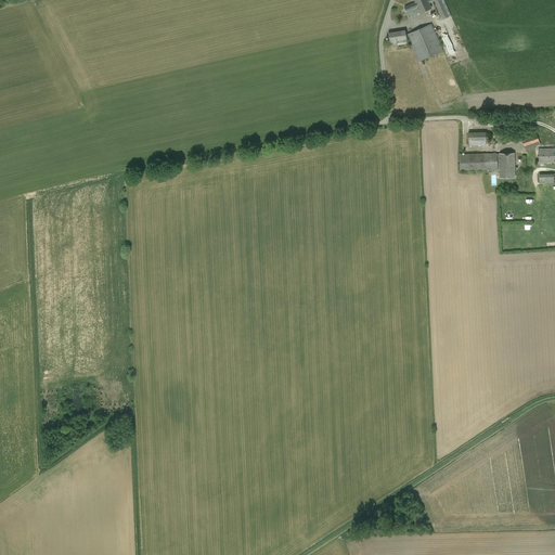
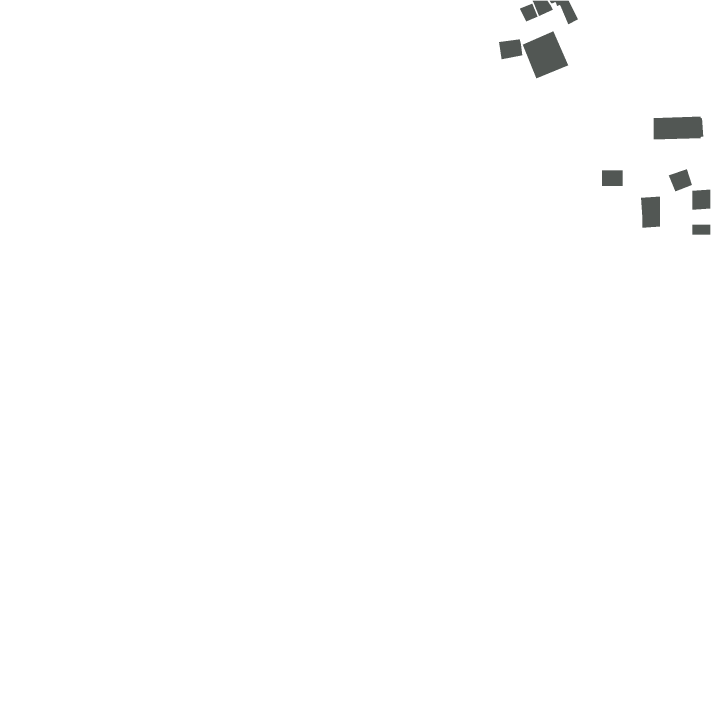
building: [460,153,500,171] -> [653,116,704,140]

